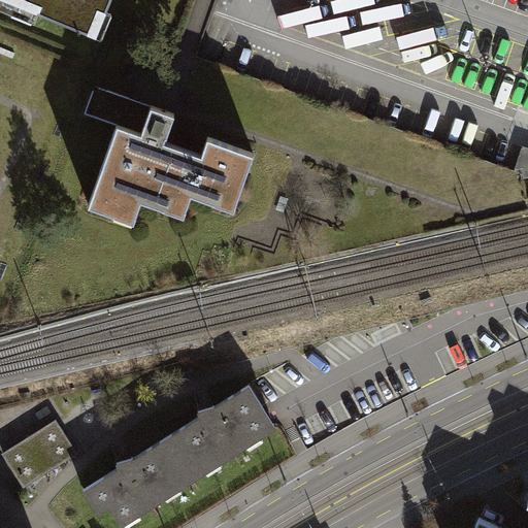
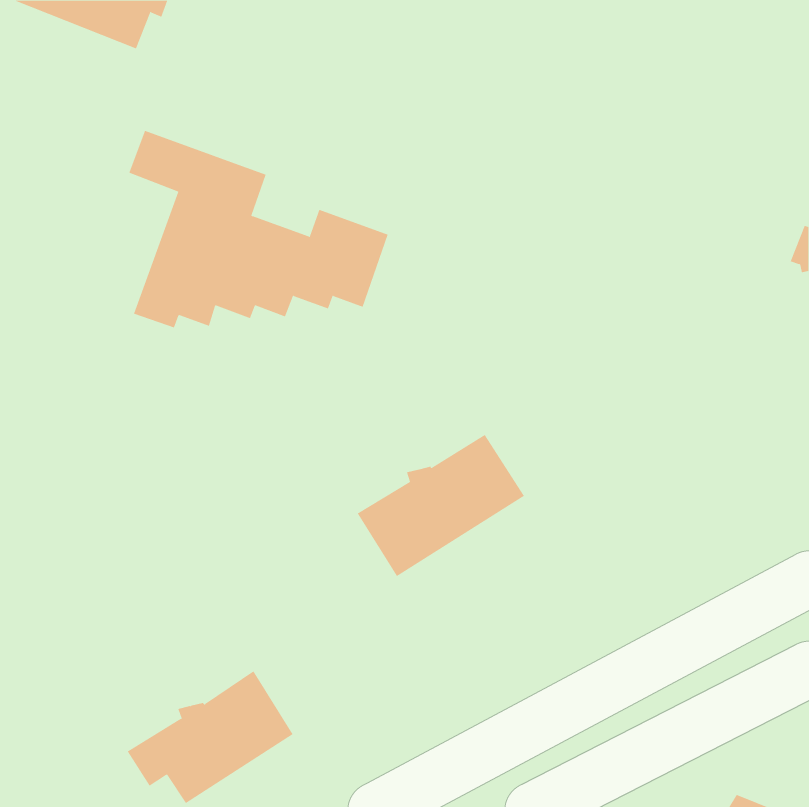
building: [165,387,274,480] -> [357,434,525,577]
building: [4,425,76,488] -> none

